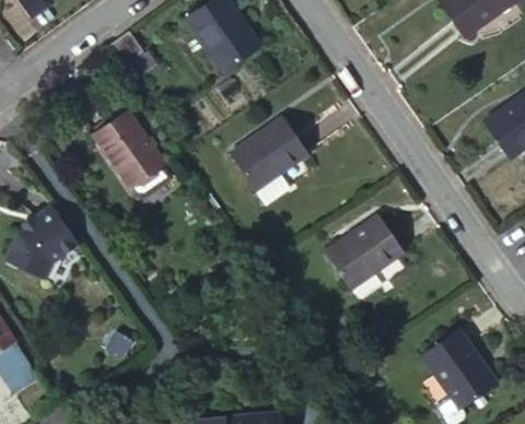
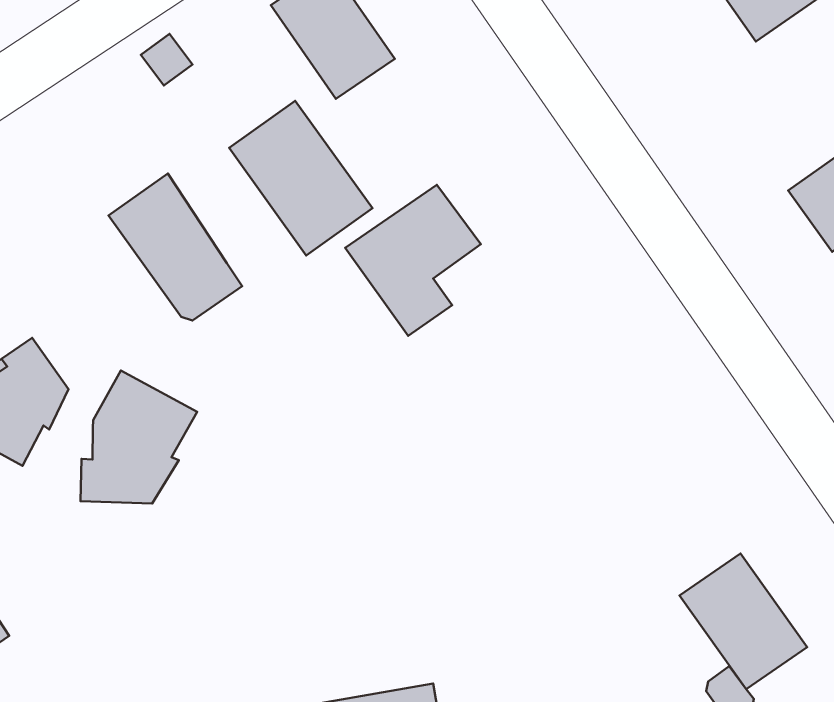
building: none -> [229,101,372,255]
building: [326,215,404,287] -> none
building: none -> [80,371,197,504]

